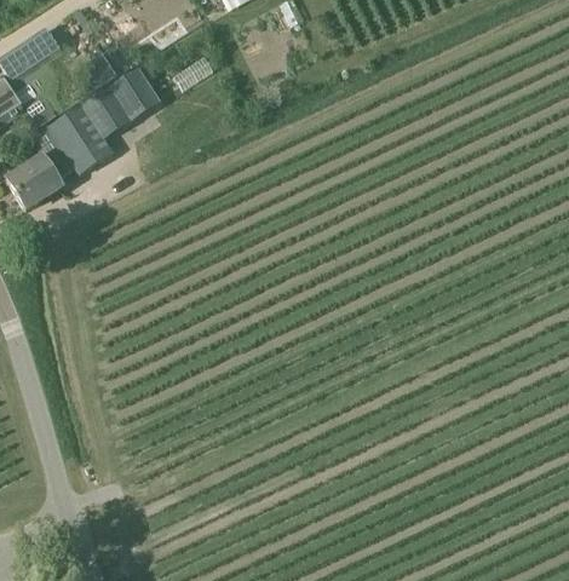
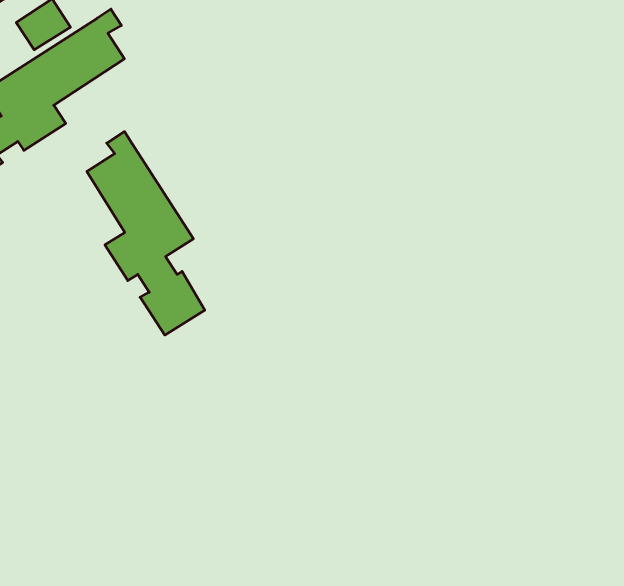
building: none -> [87,132,205,335]

